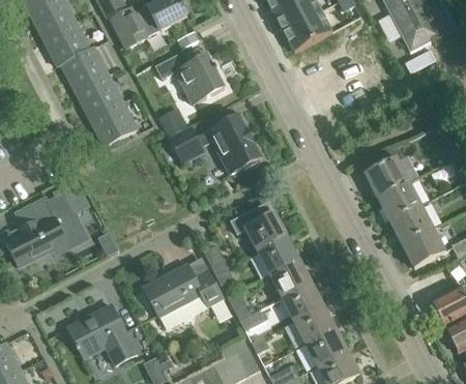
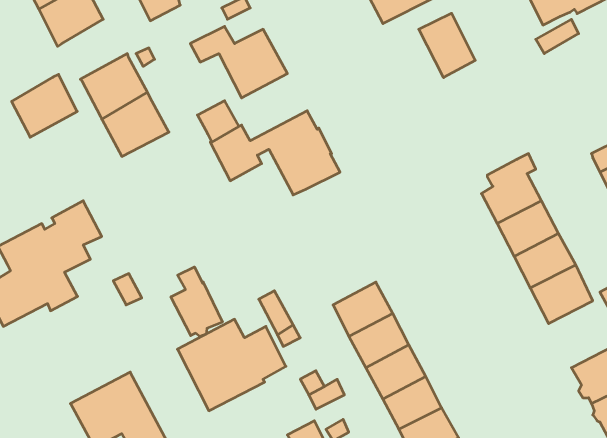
building: none -> [419,13,475,78]
building: [61,46,109,91] -> [12,74,77,137]
building: [230,201,289,255] -> none
building: none -> [171,267,222,337]

